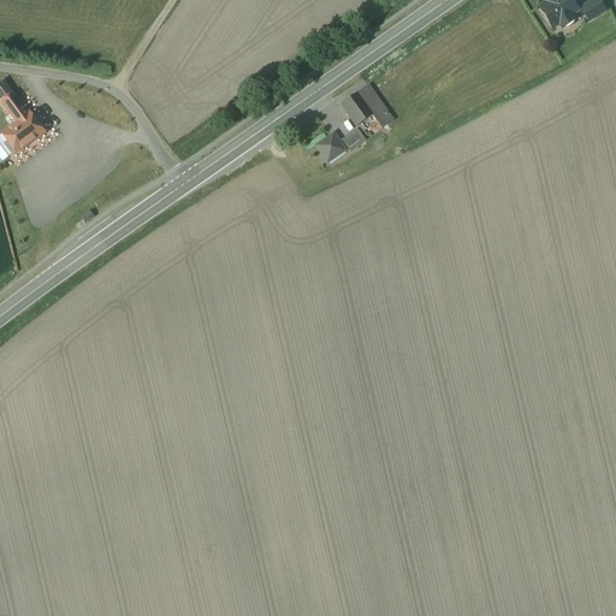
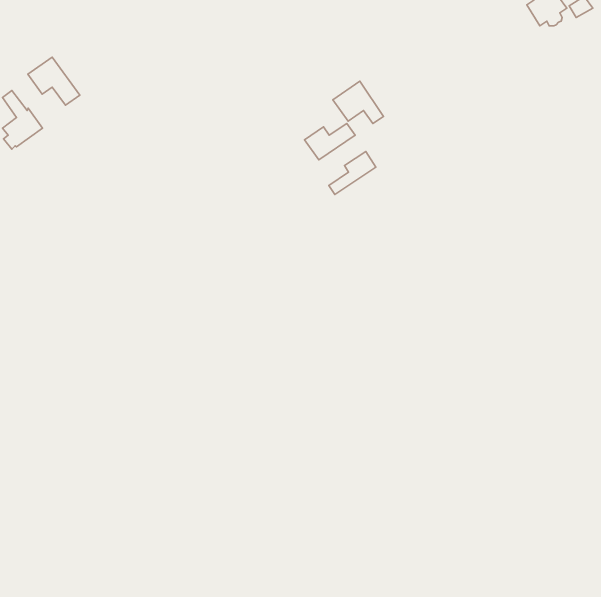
building: none -> [28,57,80,105]
building: none -> [329,151,376,195]

